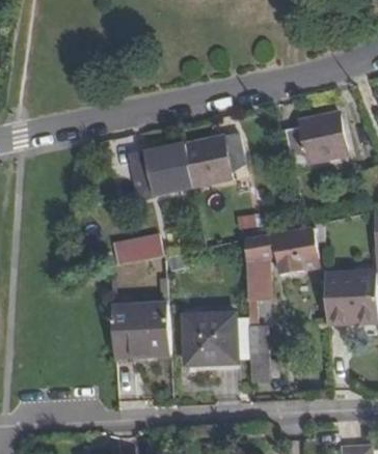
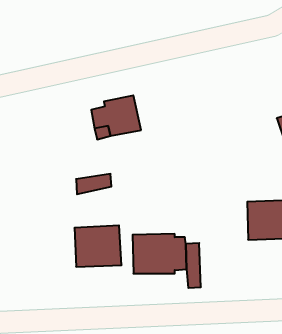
building: [285,113,346,163] -> none
building: [185,135,244,189] -> none
building: [244,224,323,300] -> none

